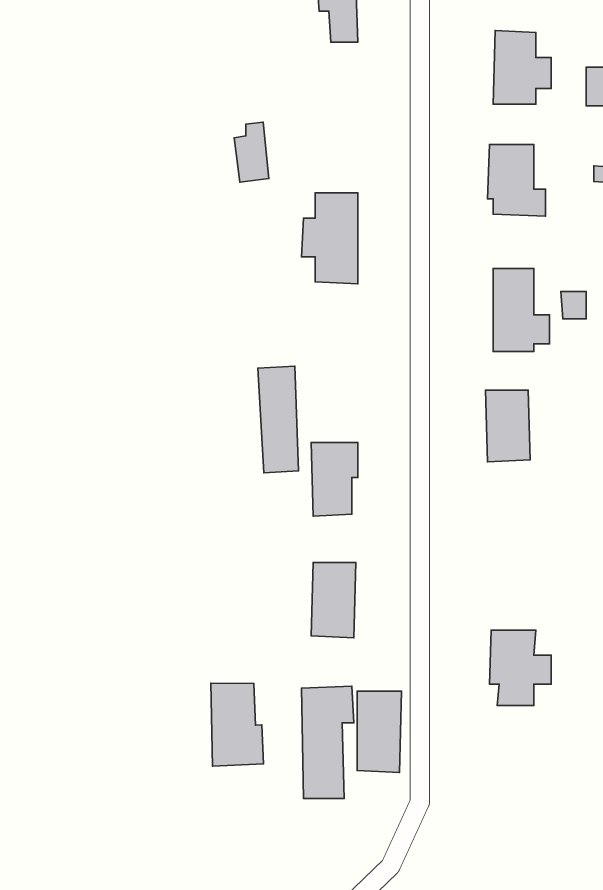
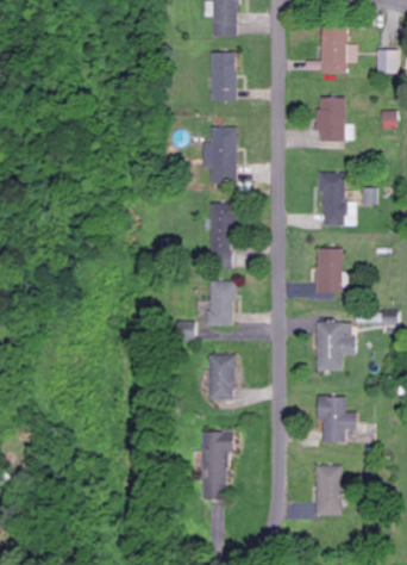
building: [234,122,269,182] -> [213,52,234,89]
building: [258,366,299,473] -> [208,203,233,268]
building: none -> [315,322,353,370]
building: [211,683,264,766] -> none
building: [357,691,402,773] -> [315,465,343,515]

